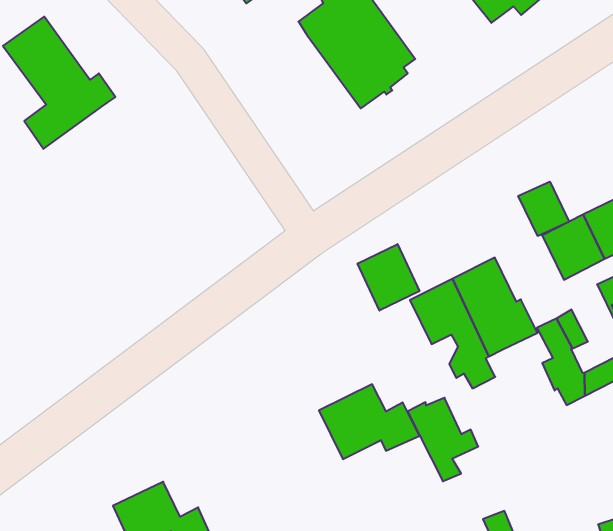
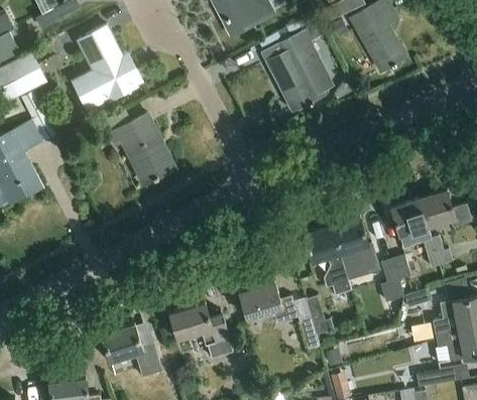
building: none -> [110,113,174,184]
building: [518,182,569,236] -> none
building: [358,244,419,311] -> none
building: none -> [168,302,232,360]

